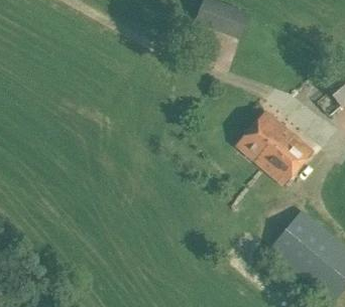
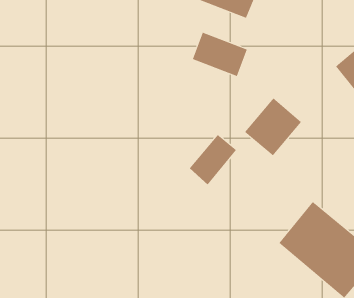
building: none -> [192,32,247,77]
building: [265,136,311,184] -> [189,134,237,185]

